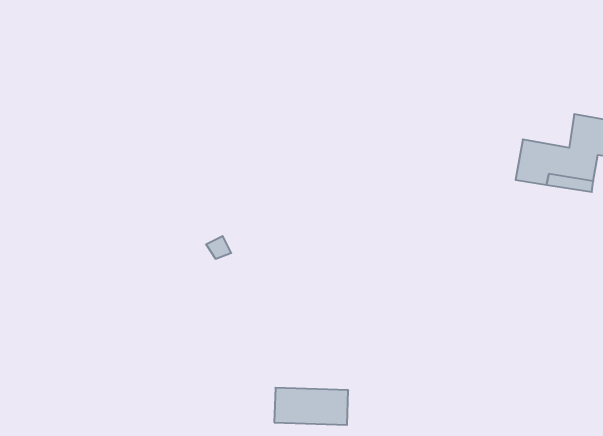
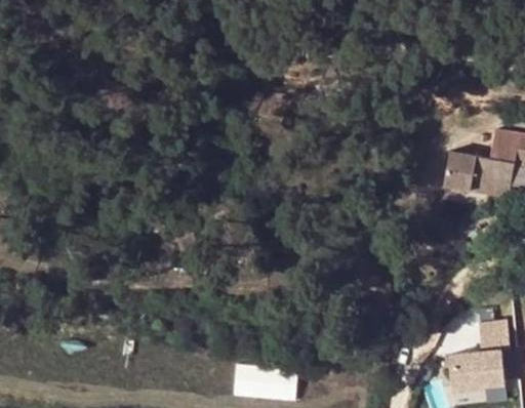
building: none -> [448,320,509,387]

